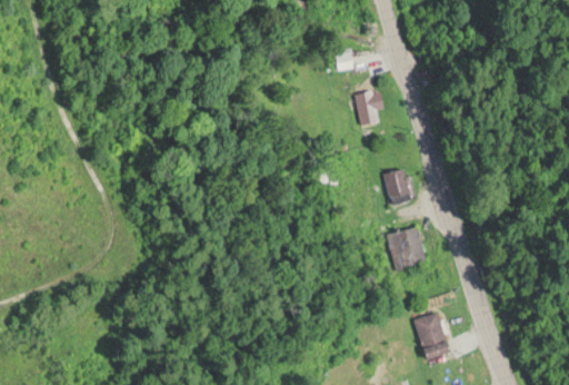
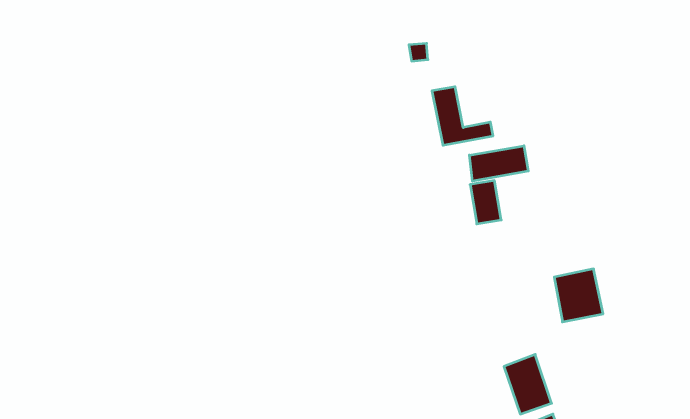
building: none -> [469,146,528,181]
building: [386,227,426,270] -> [554,269,603,322]

